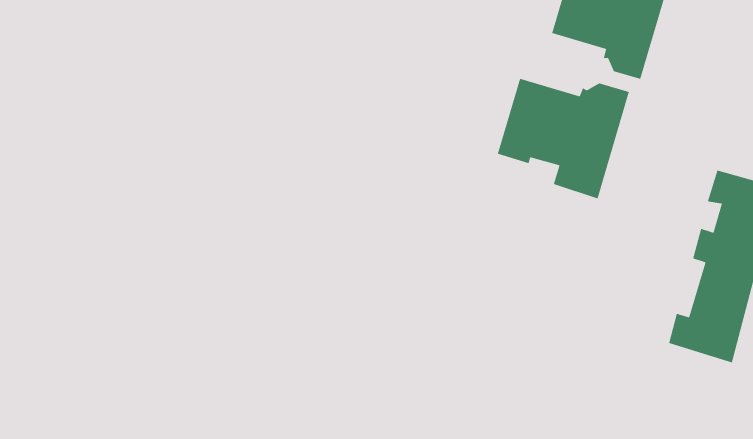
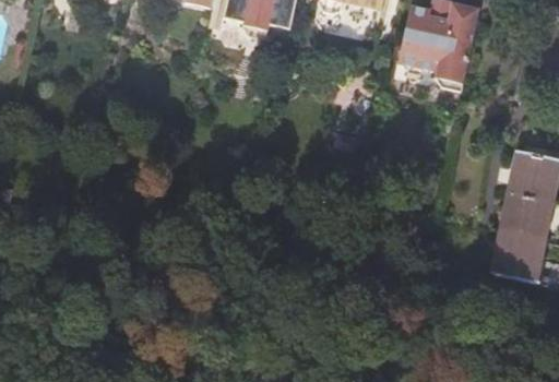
building: [497,78,630,200] -> none

